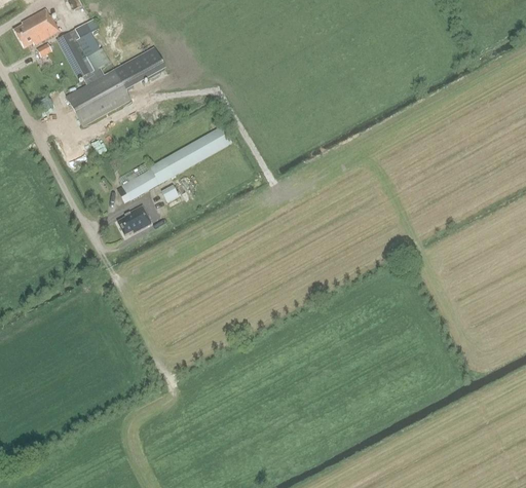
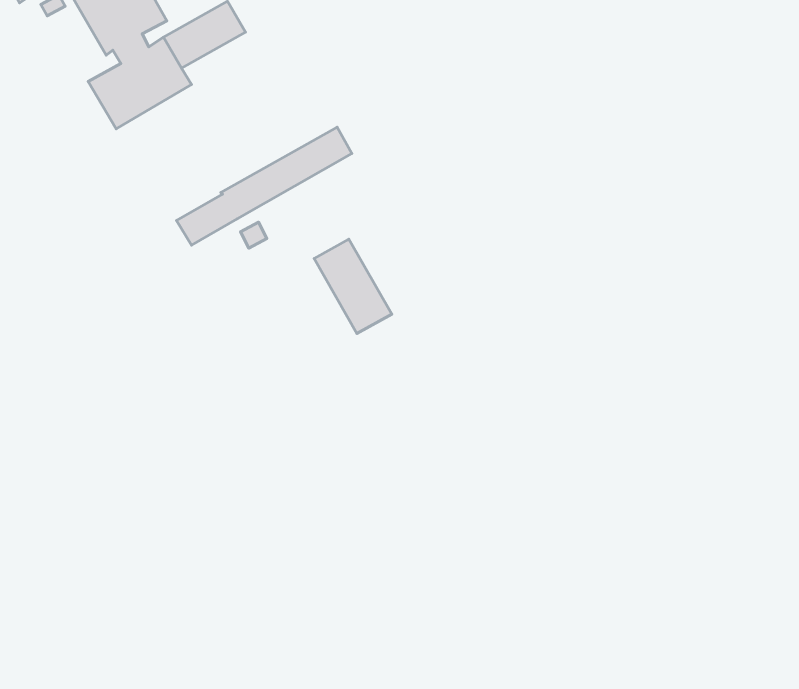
building: none -> [314,239,392,333]
building: [117,204,150,234] -> none

